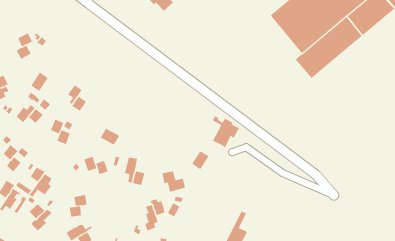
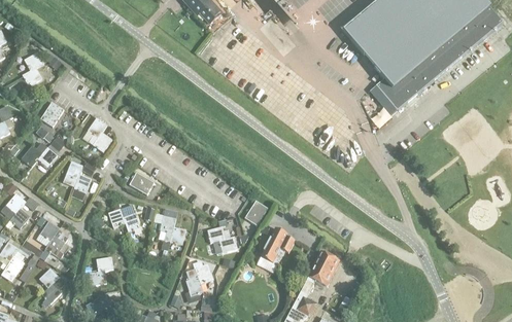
building: [212,116,240,148] -> [260,224,295,265]
building: none -> [307,251,338,286]

